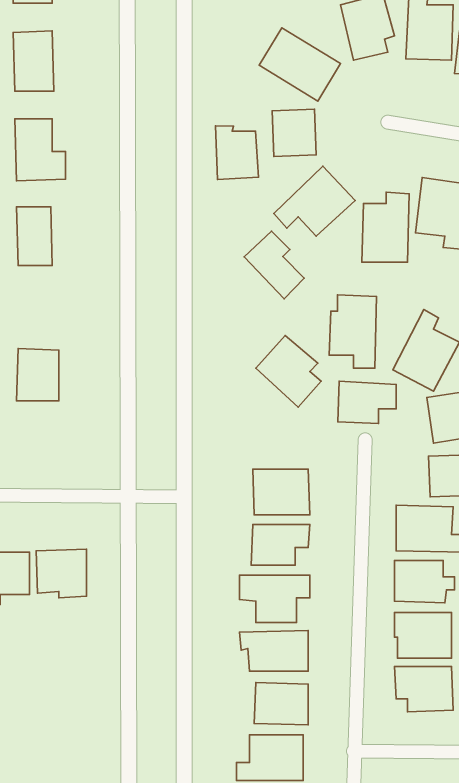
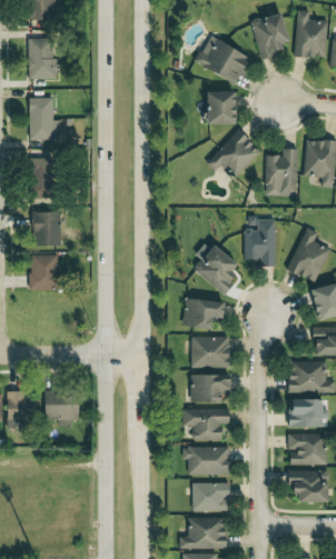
building: [215,126,259,179] -> none
building: [244,231,304,299] -> none
building: none -> [33,211,62,246]
building: [338,381,396,424] -> [184,299,224,328]

